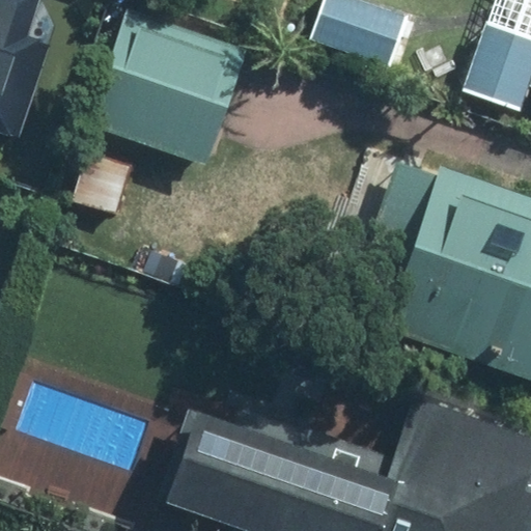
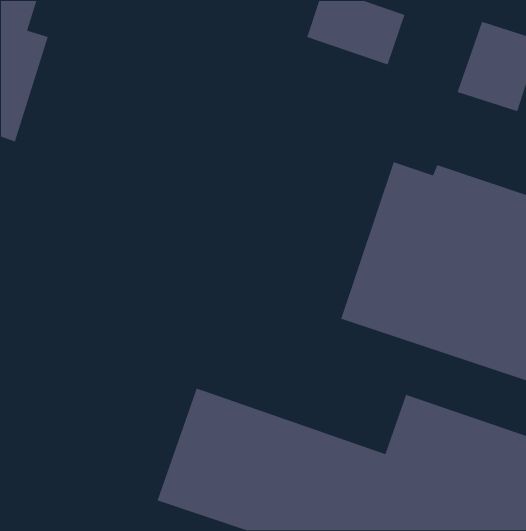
building: [85,6,249,167] -> none

